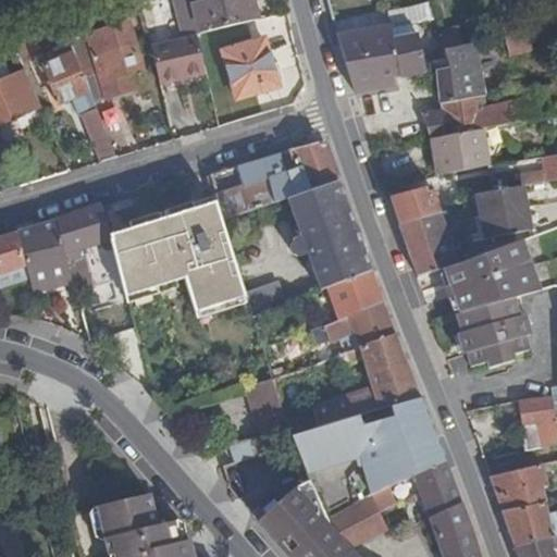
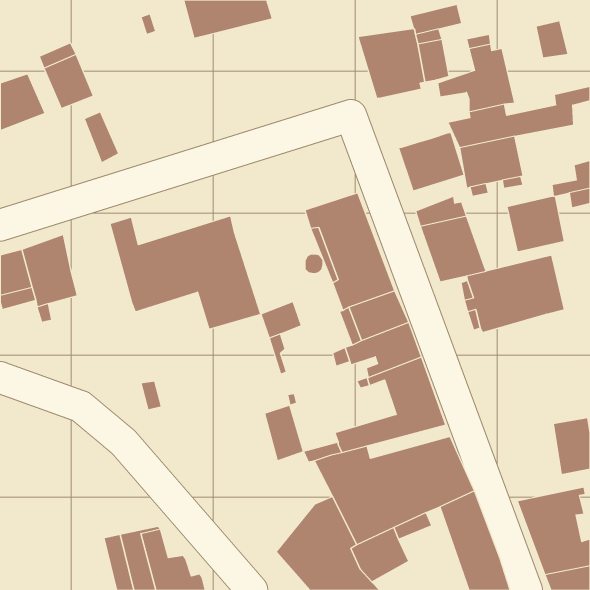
building: [85,20,147,101] -> none
building: [151,33,207,81] -> none
building: [223,37,278,96] -> none
building: none -> [398,132,464,191]
building: [209,139,337,219] -> none
building: [59,207,124,287] -> none
building: [455,296,525,367] -> none

